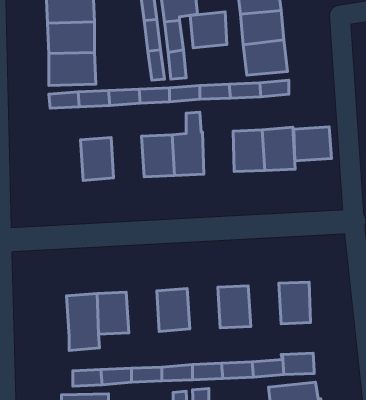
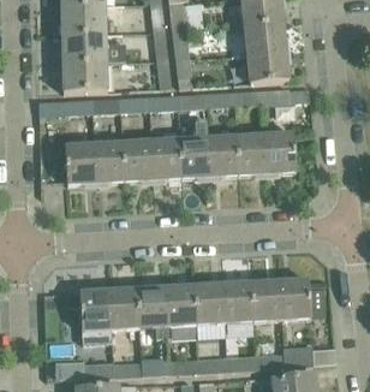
building: [190,12,227,48] -> none
building: [294,127,332,161] -> none
building: none -> [208,136,238,177]
building: none -> [121,141,153,180]
building: none -> [64,144,95,184]
building: none -> [251,280,282,321]
building: none -> [193,284,225,323]
building: none -> [136,287,167,327]

